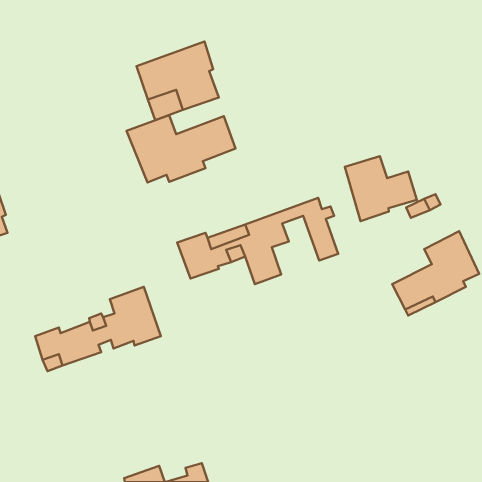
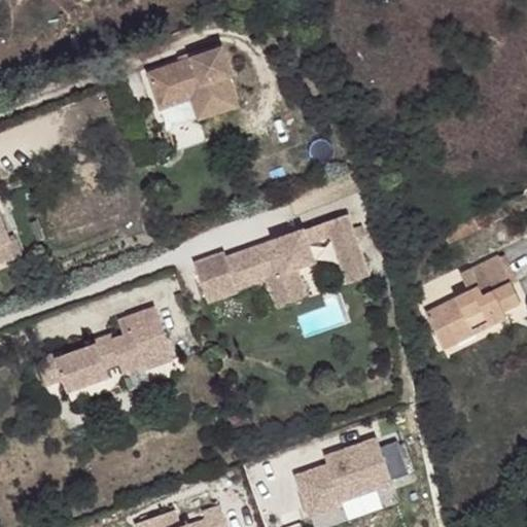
building: [126,115,235,183] -> none
building: [345,156,417,221] -> none
building: none -> [295,435,408,514]

